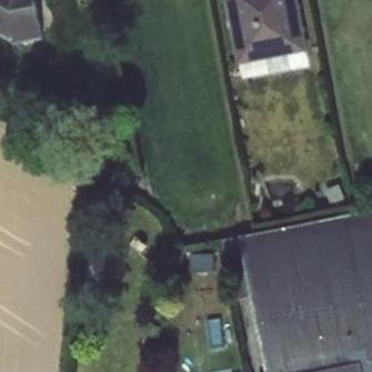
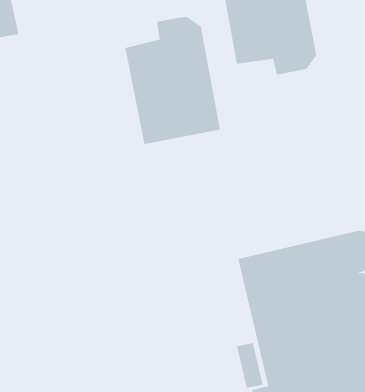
building: none -> [125,16,221,145]

